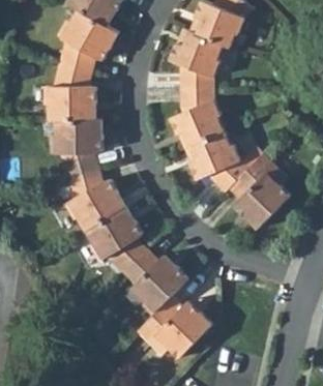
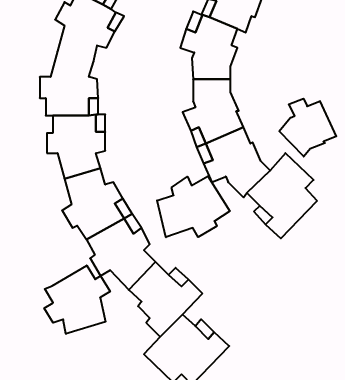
building: none -> [279,99,336,157]
building: none -> [157,176,230,237]
building: none -> [44,265,110,334]

